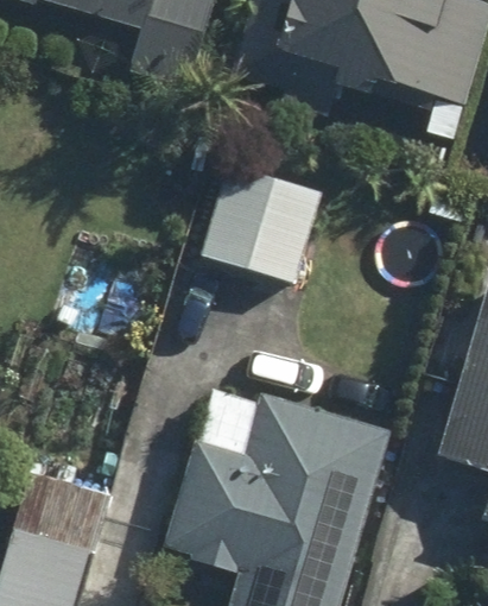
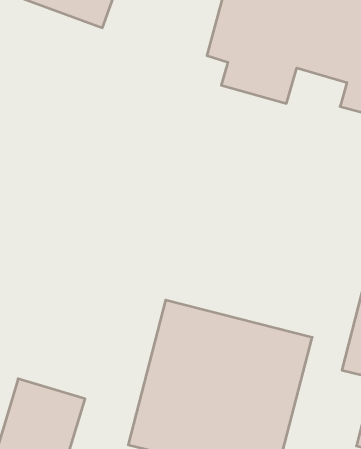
building: [197,153,324,286] -> none

